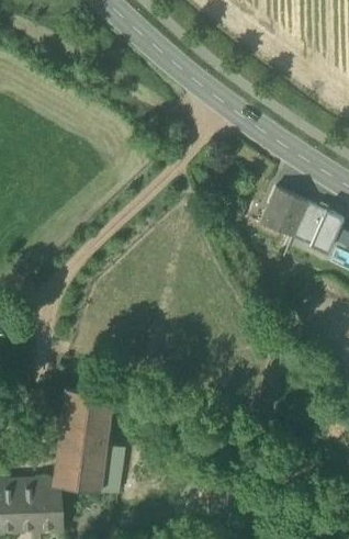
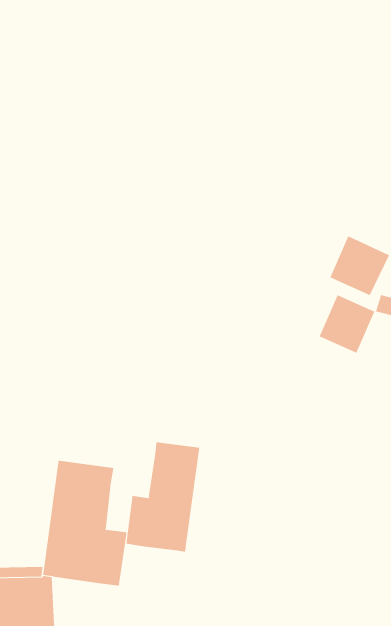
building: [262,187,309,236] -> [319,295,375,354]
building: none -> [126,442,200,552]

